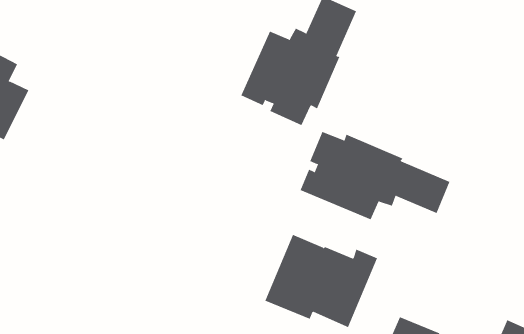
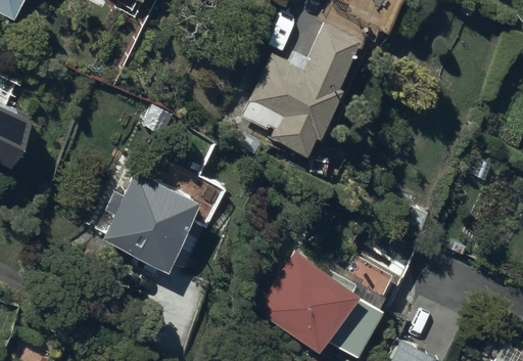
building: [300,131,450,220] -> none
building: none -> [101,171,198,312]

